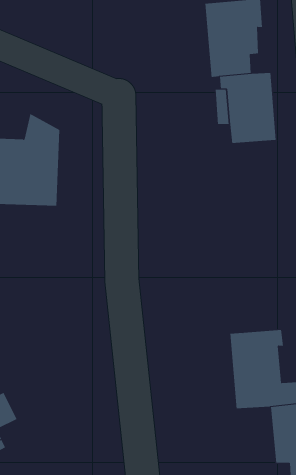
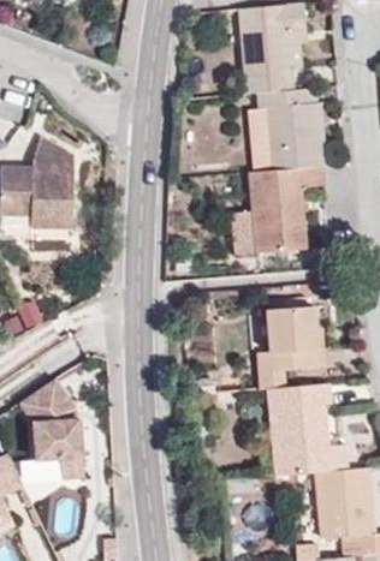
building: none -> [249,166,322,252]
building: none -> [257,304,325,388]
building: none -> [11,380,83,505]

